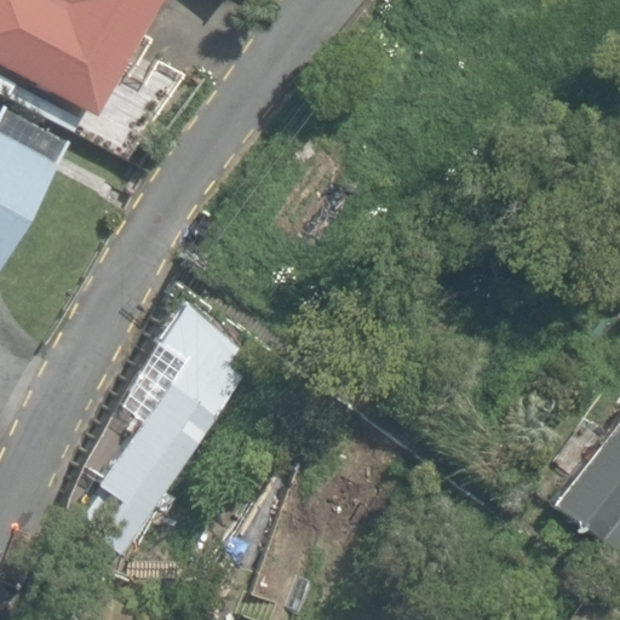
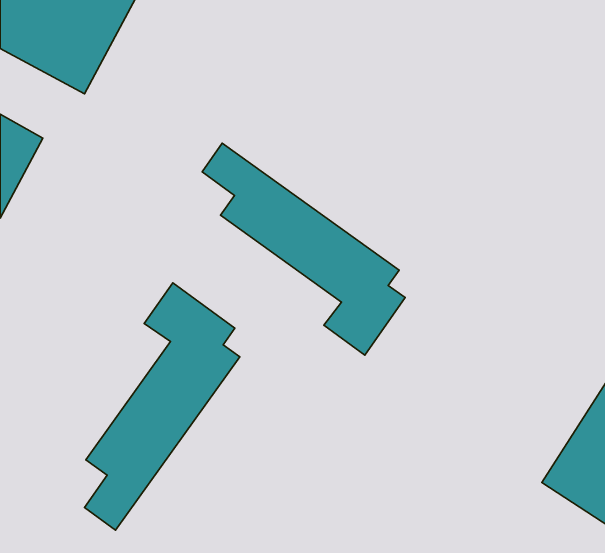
building: none -> [202,143,405,355]

